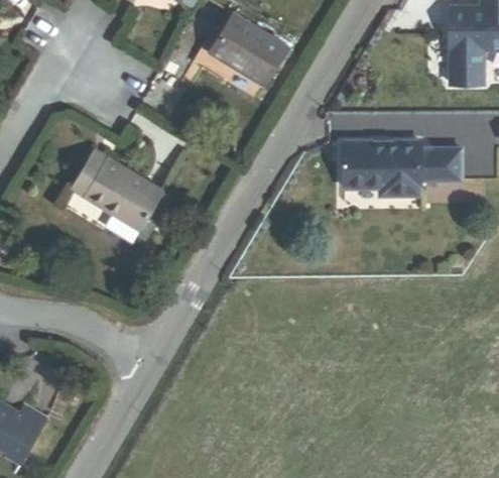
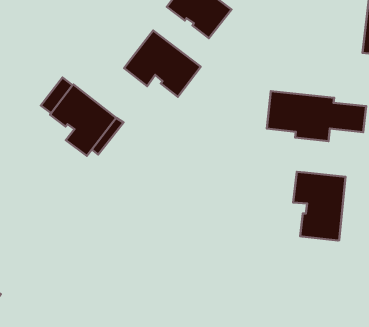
building: none -> [124,30,201,97]
building: none -> [293,172,346,240]

